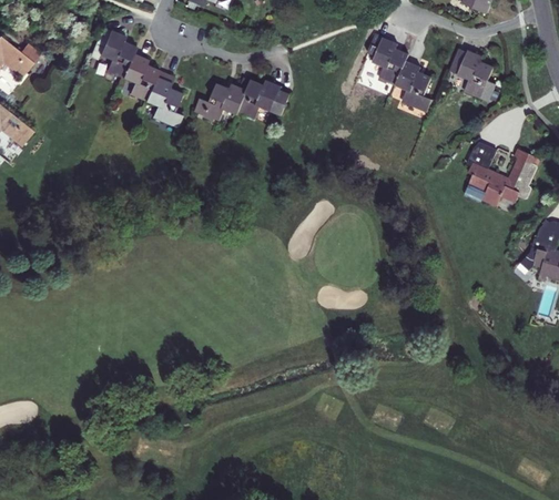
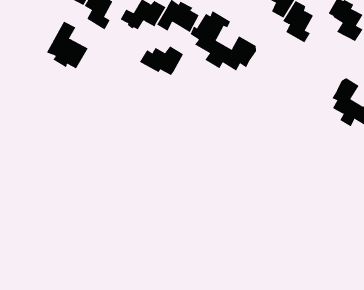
building: none -> [190,10,257,72]
building: none -> [46,21,89,69]
building: none -> [139,46,184,76]

